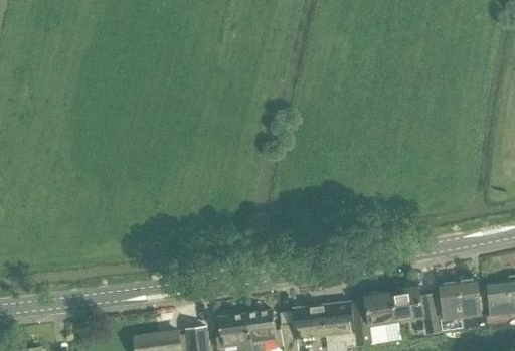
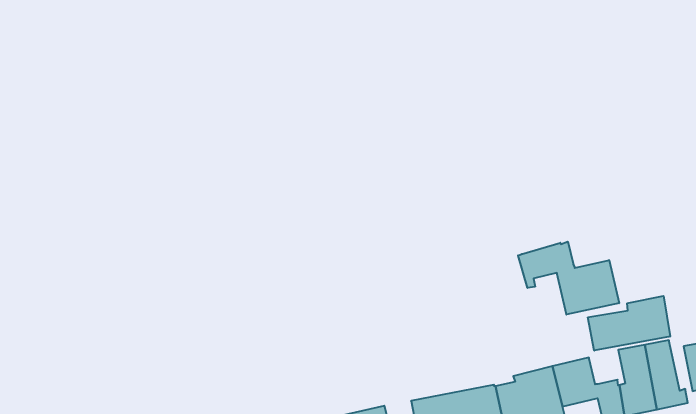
building: none -> [518,242,619,315]
building: none -> [588,296,670,351]

